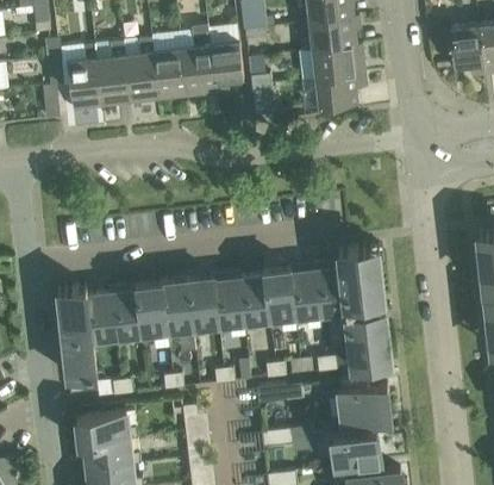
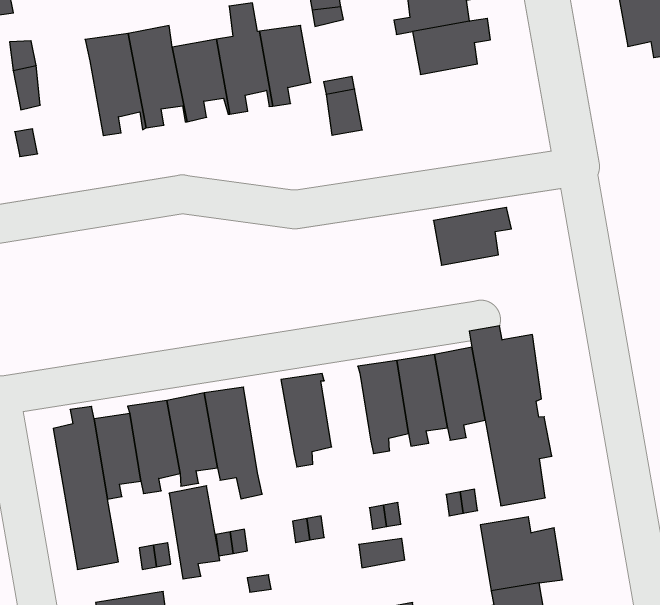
building: [67,57,102,111] -> none
building: [314,73,365,108] -> [433,207,511,265]
building: [237,274,268,330] -> none
building: [186,275,217,336] -> [169,486,220,579]

